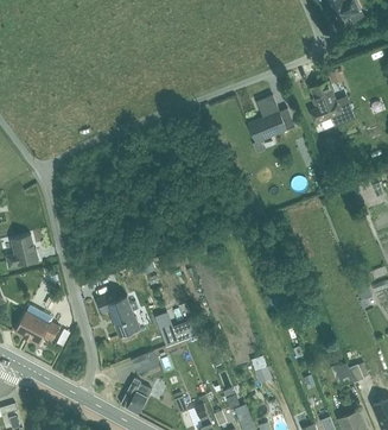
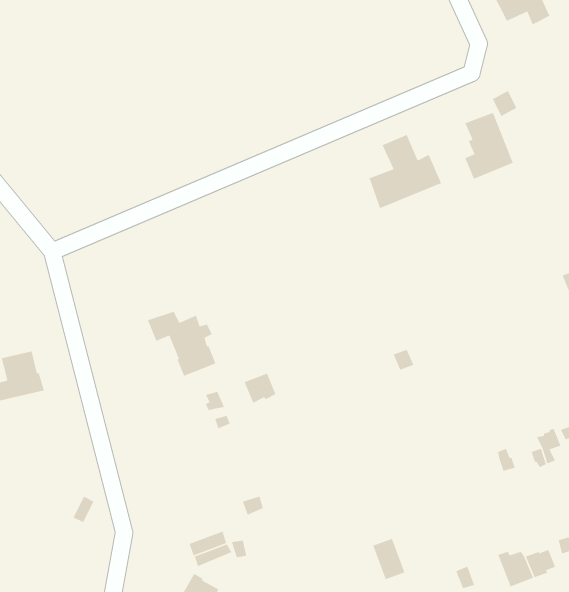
building: [96,292,141,335] -> [147,311,217,377]
building: [15,304,61,344] -> none

